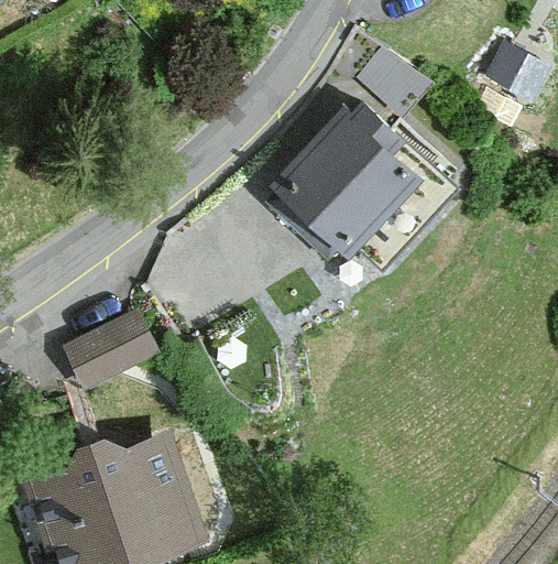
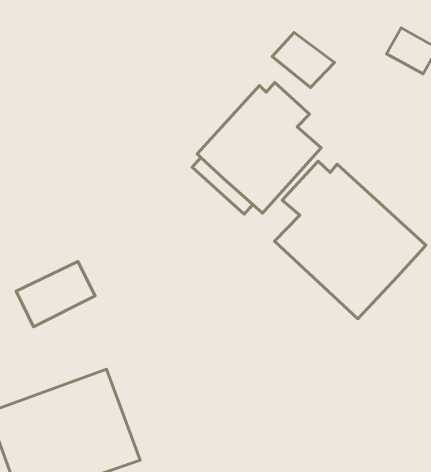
building: none -> [275,161,426,319]

